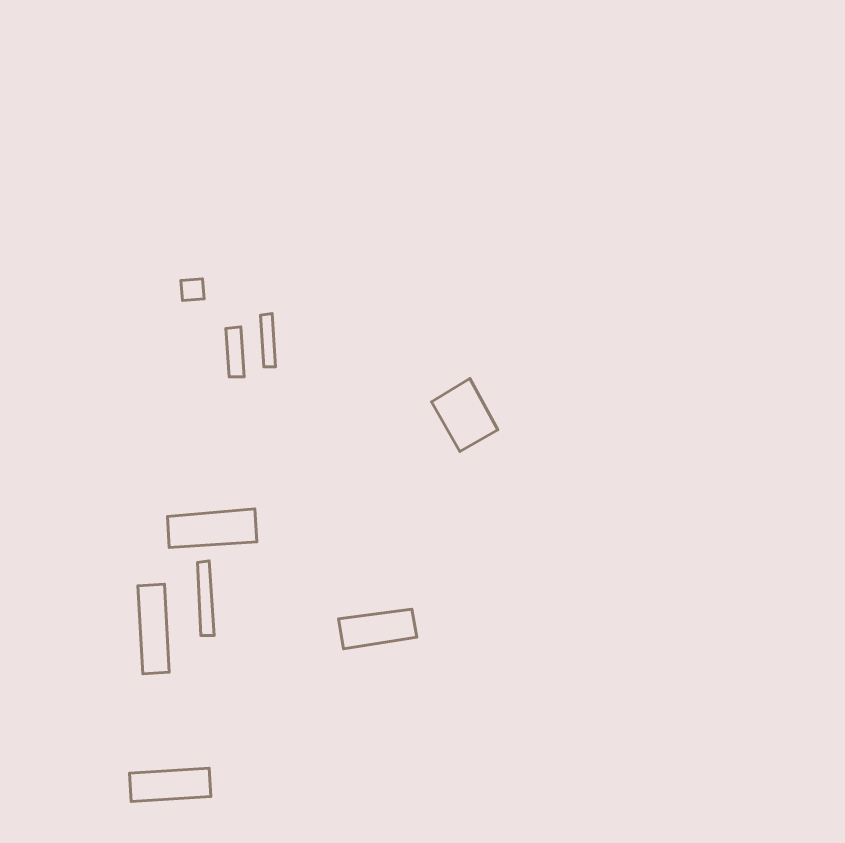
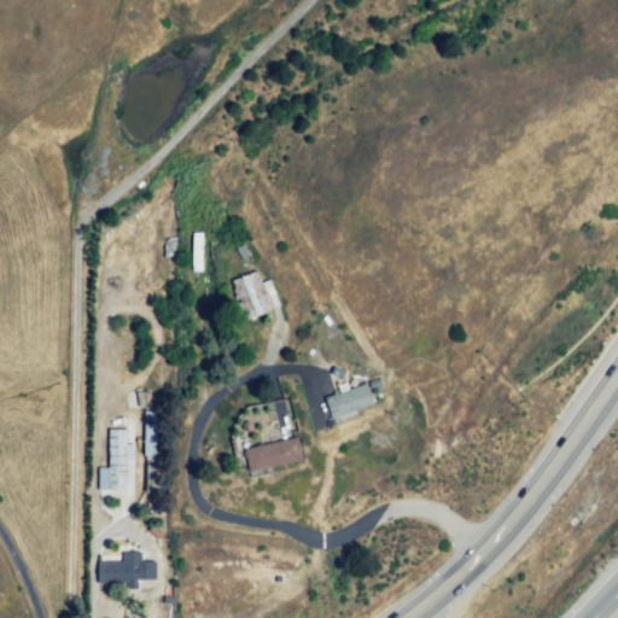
building: [432,379,498,452] -> [232,264,280,317]
building: [168,509,257,548] -> none
building: none -> [328,379,371,414]

